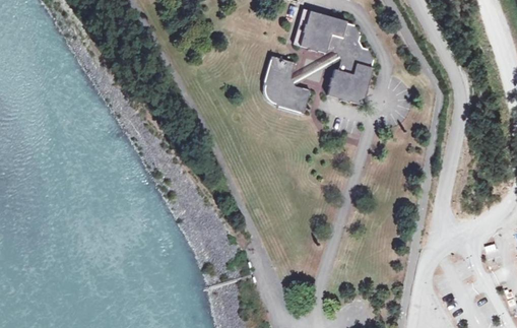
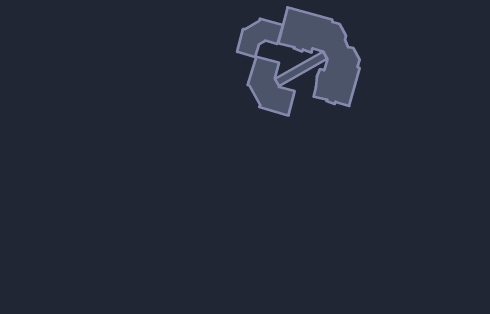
building: none -> [237,19,283,57]

